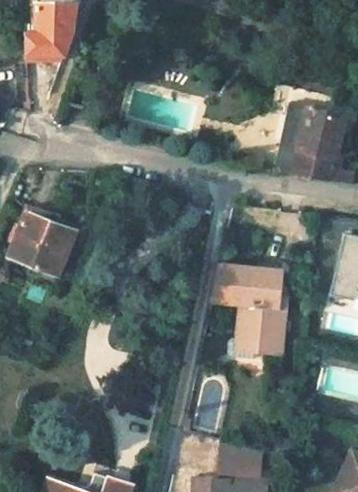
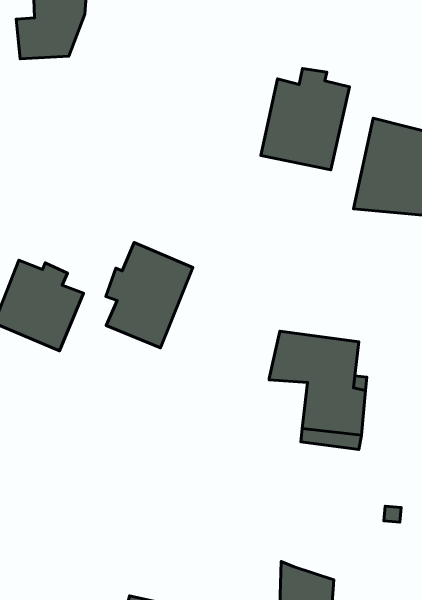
building: none -> [261,69,350,170]
building: none -> [106,243,193,348]

